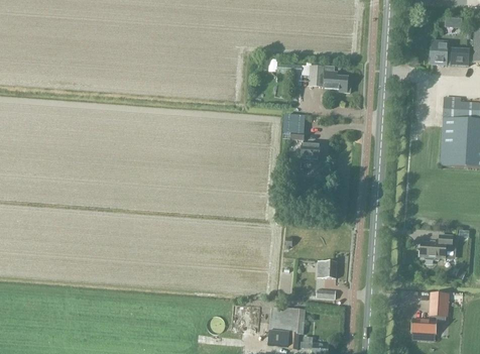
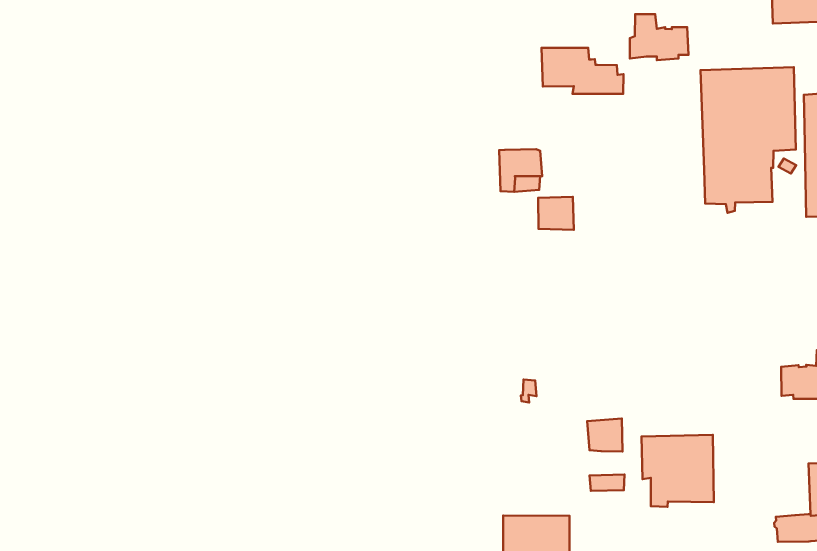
building: none -> [630,14,689,60]
building: none -> [700,67,796,213]
building: none -> [642,435,714,507]

